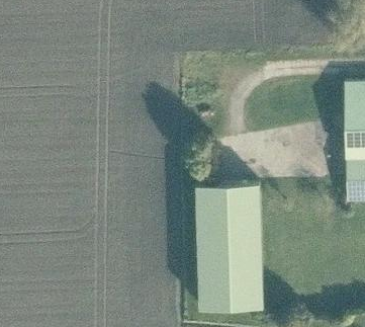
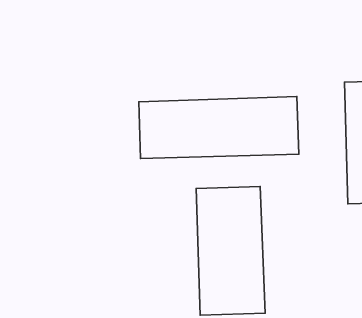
building: none -> [139,97,299,159]

